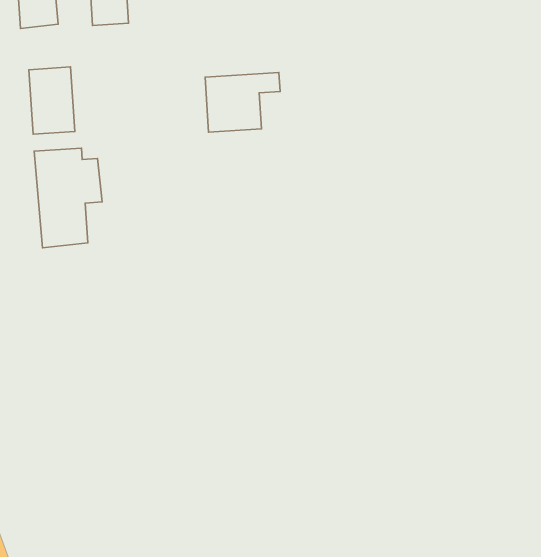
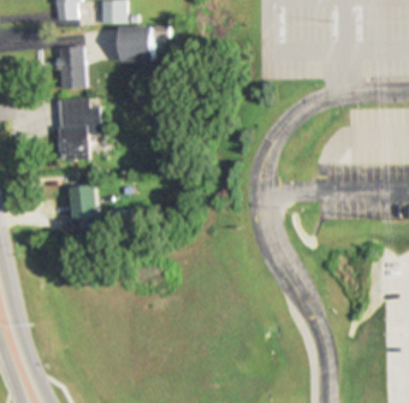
building: [205,72,280,132] -> [120,25,167,60]
building: none -> [71,185,99,219]

